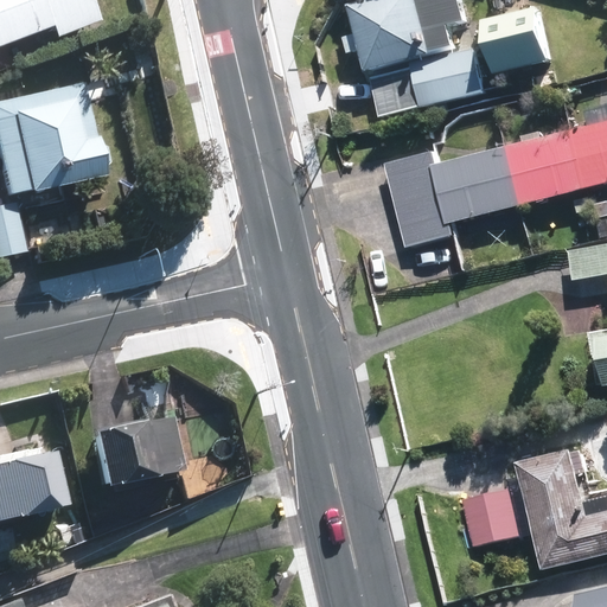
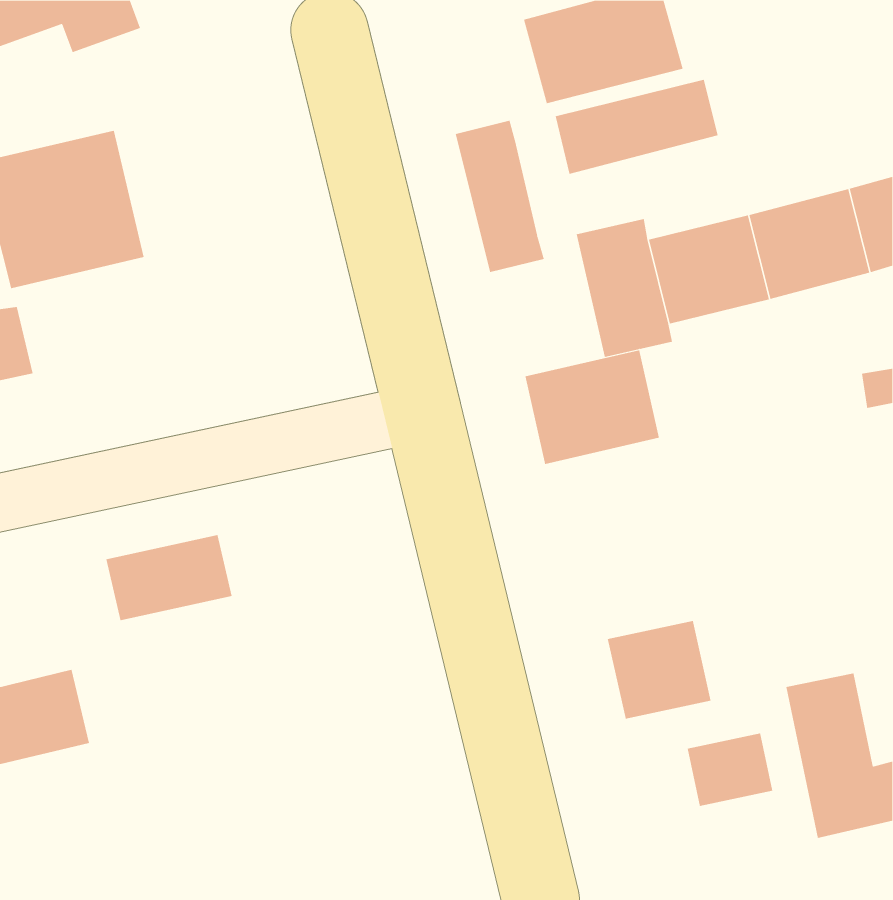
building: [484,14,549,69] -> none
building: none -> [455,120,545,273]
building: none -> [525,349,660,465]
building: none -> [607,620,711,719]
building: [89,422,174,480] -> [106,534,232,621]

